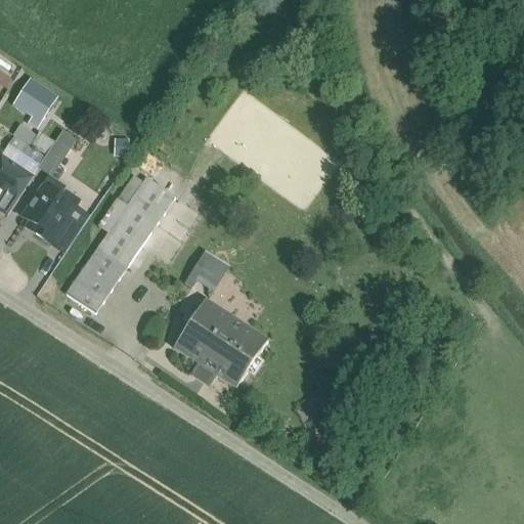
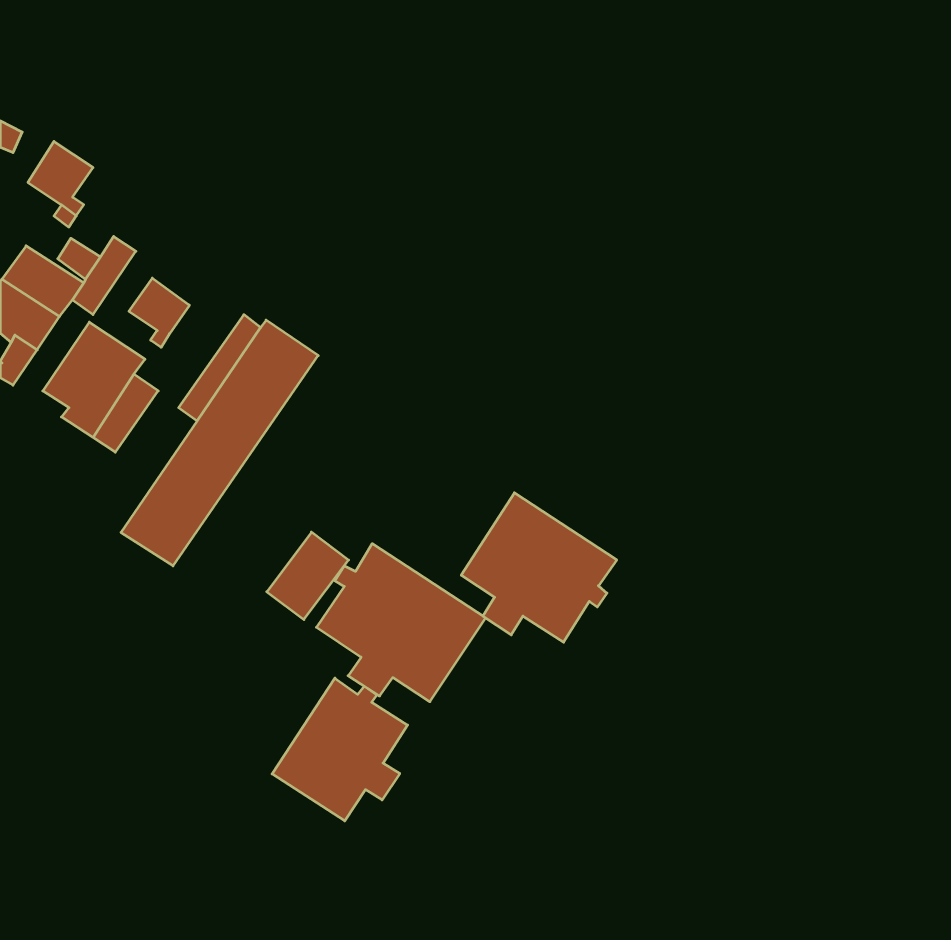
building: none -> [129,278,189,347]
building: [186,248,231,296] -> [267,532,349,620]
building: none -> [461,493,617,642]
building: none -> [272,678,408,821]

